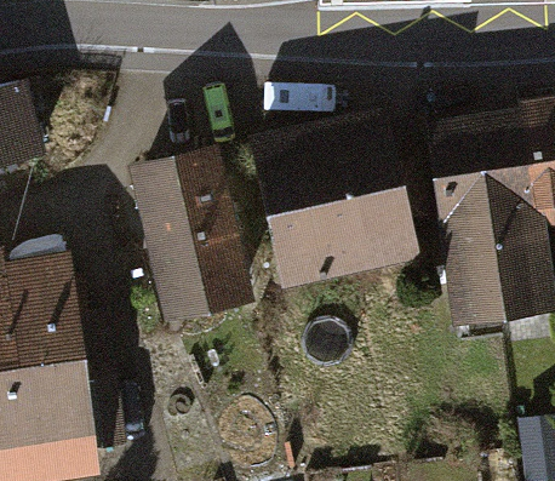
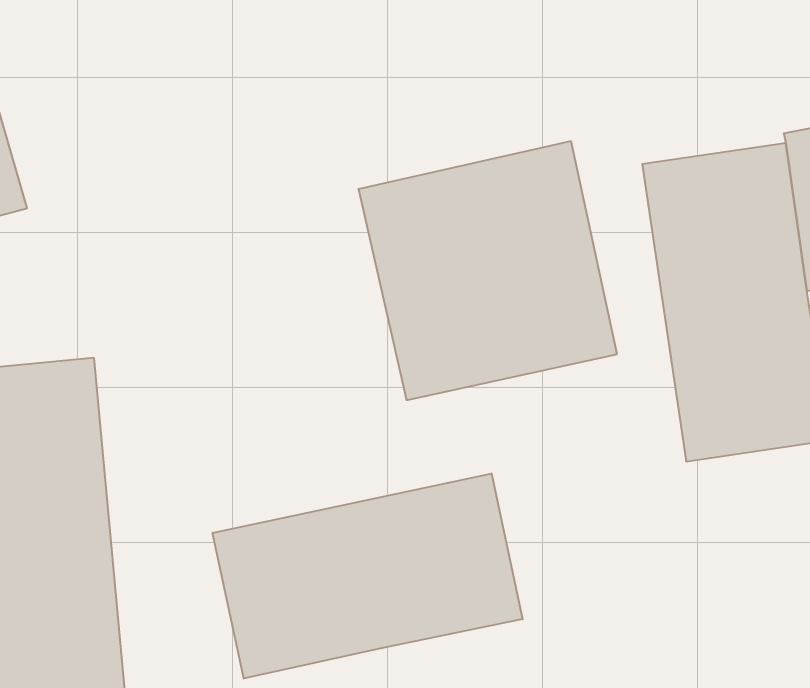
building: [143,158,240,309] -> none
building: none -> [213,473,523,679]

